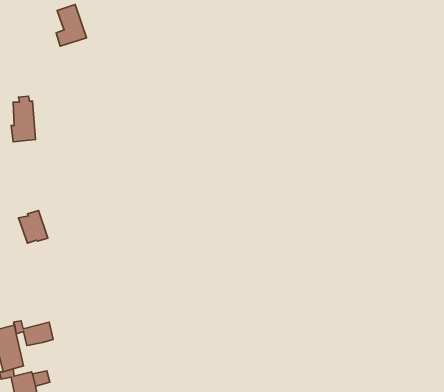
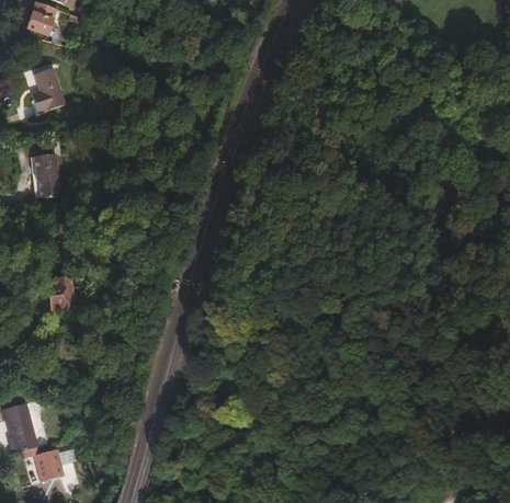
building: [56,4,86,46] -> [33,70,66,115]
building: [14,321,53,345] -> none

